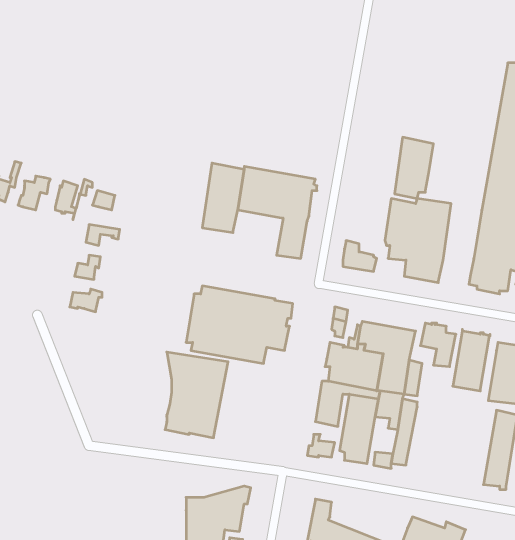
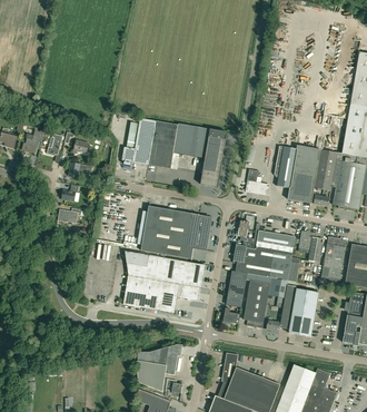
building: [395,137,433,199] -> [315,148,341,190]
building: none -> [122,118,156,165]
building: none -> [157,257,204,313]
building: none -> [289,288,318,336]

